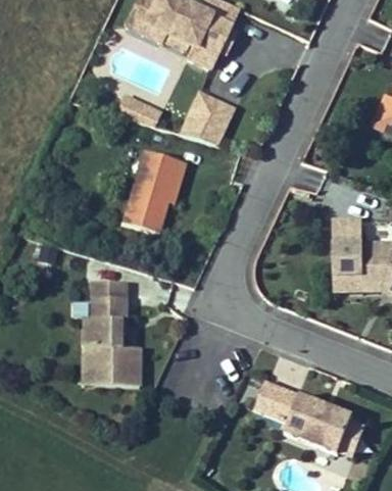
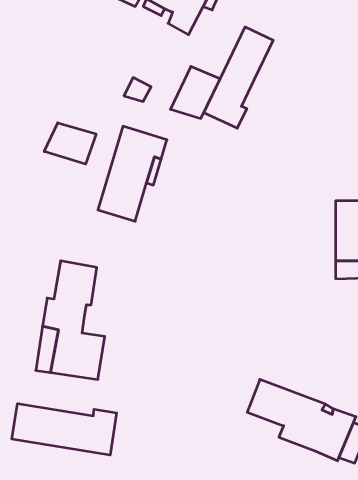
building: none -> [204,27,273,128]
building: none -> [44,123,96,164]
building: none -> [12,404,117,455]

